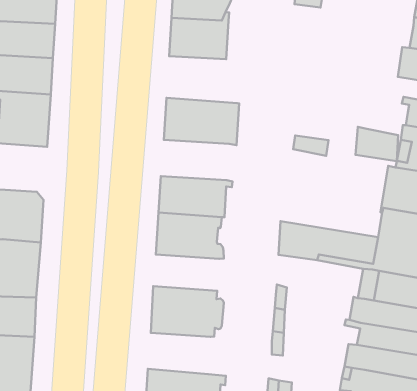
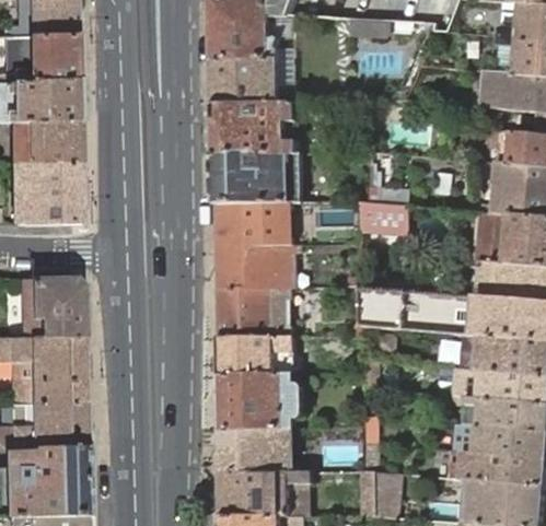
building: none -> [213,103,298,155]
building: [355,127,398,161] -> [359,201,408,237]
building: none -> [216,202,293,247]
building: none -> [218,338,293,376]
building: none -> [220,430,291,474]

